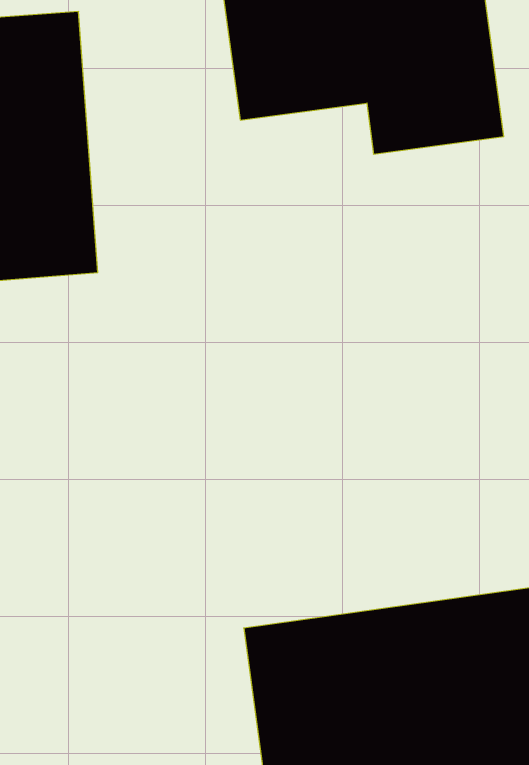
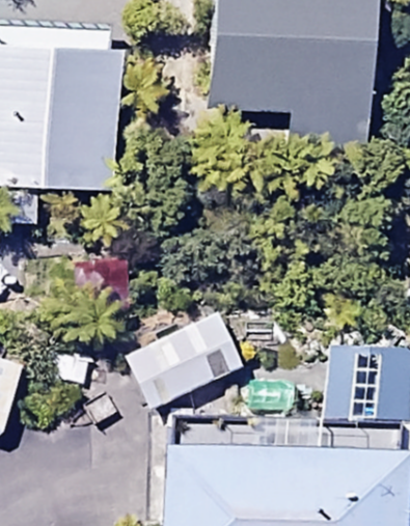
building: none -> [129,306,246,407]

